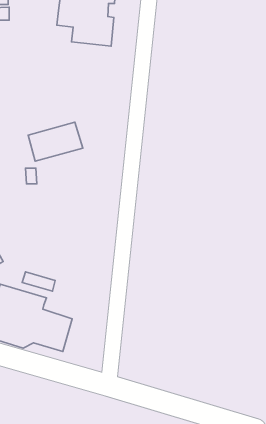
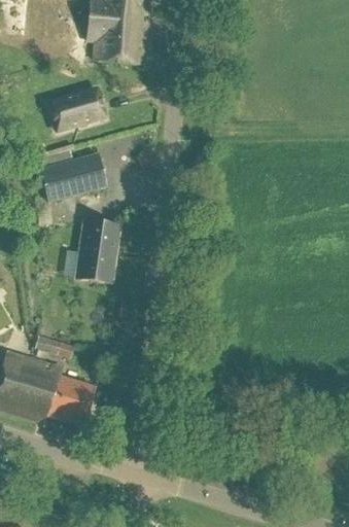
building: none -> [47,83,108,131]
building: none -> [78,218,119,280]

